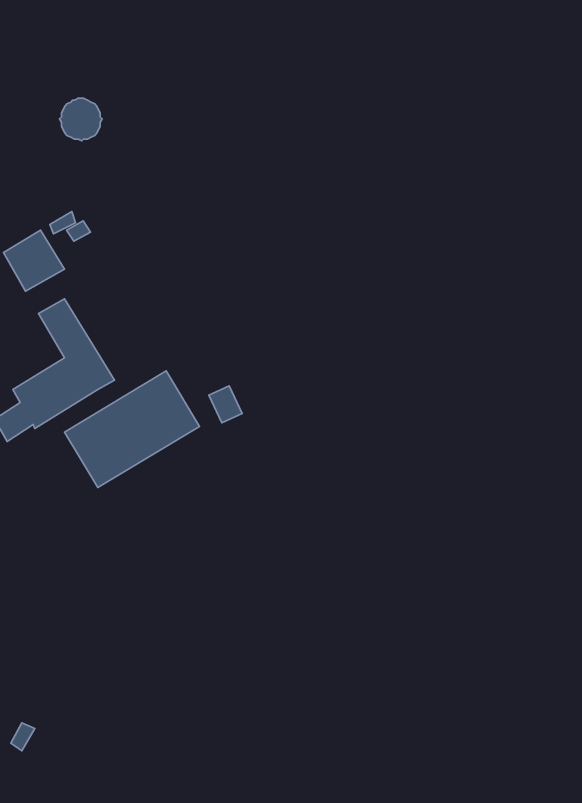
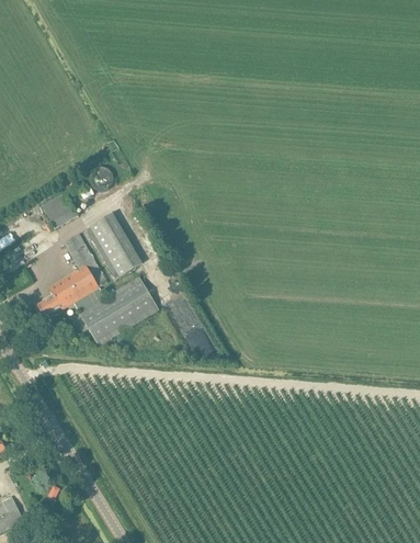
building: [60,98,102,141] -> [89,166,114,191]
building: none -> [86,213,143,279]

